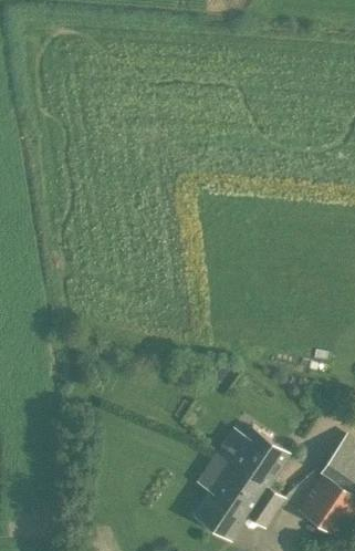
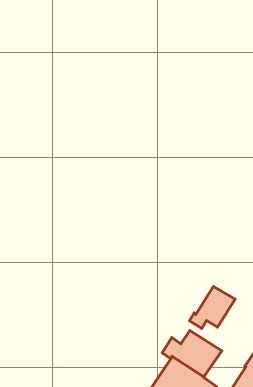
building: none -> [189,287,235,329]

